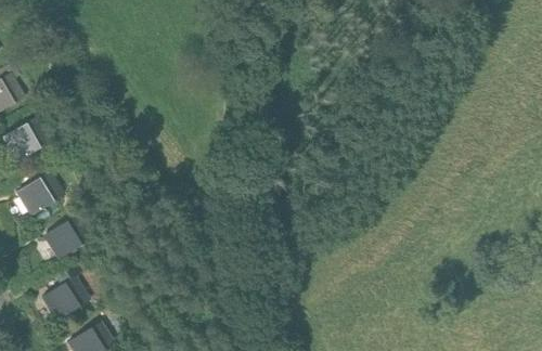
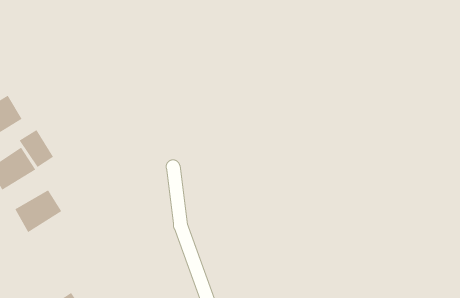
building: none -> [19,129,54,168]
building: [42,277,91,323] -> none

